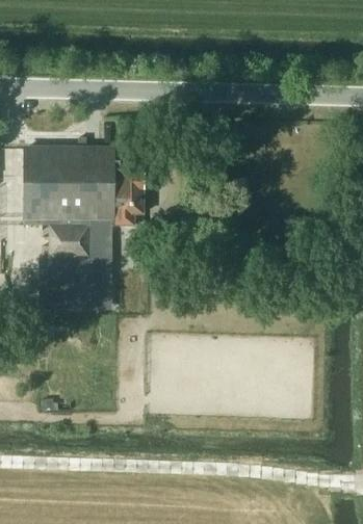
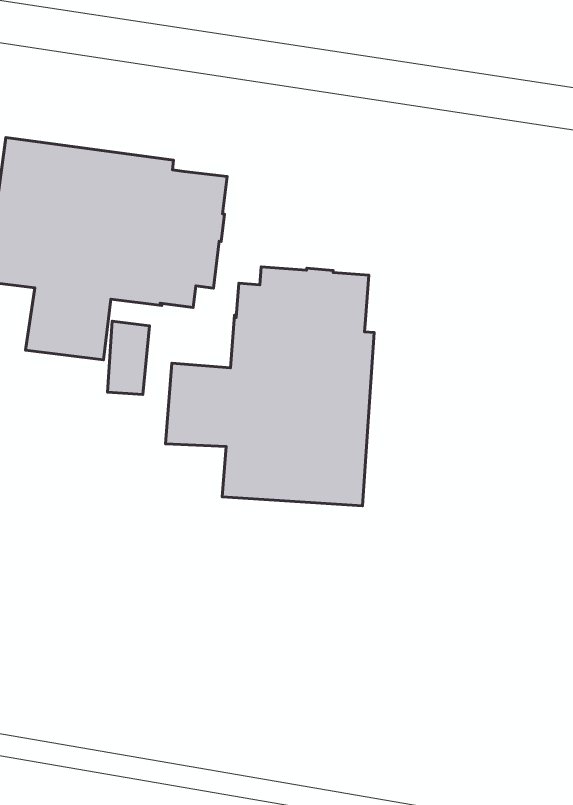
building: none -> [165,267,374,506]

